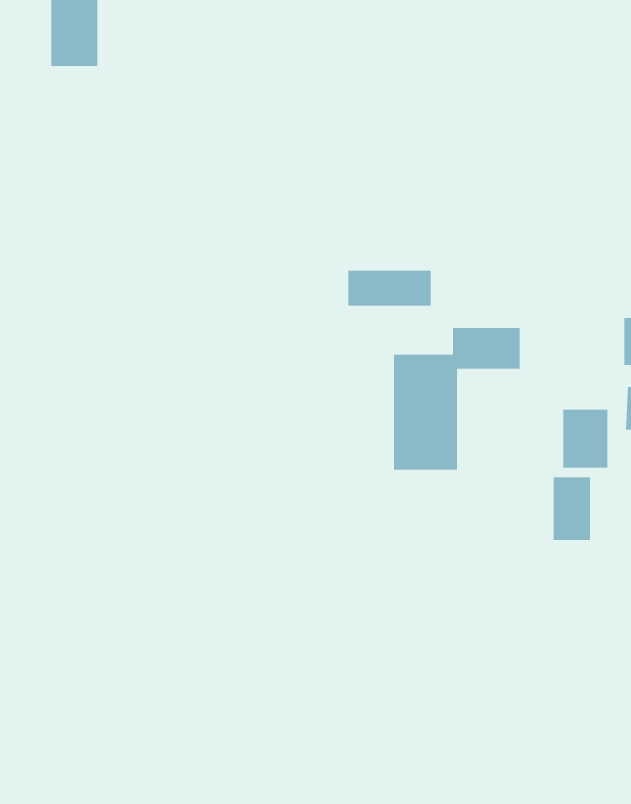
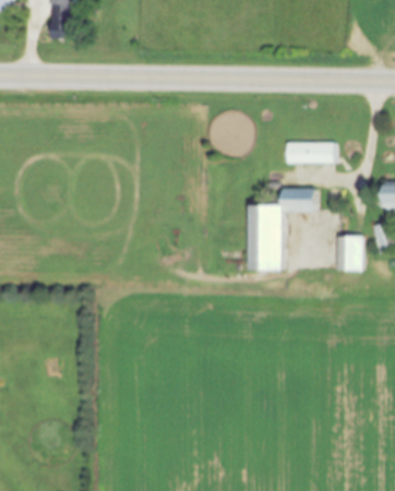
building: [348,270,431,306] -> [285,142,333,163]
building: [553,476,590,541] -> none

